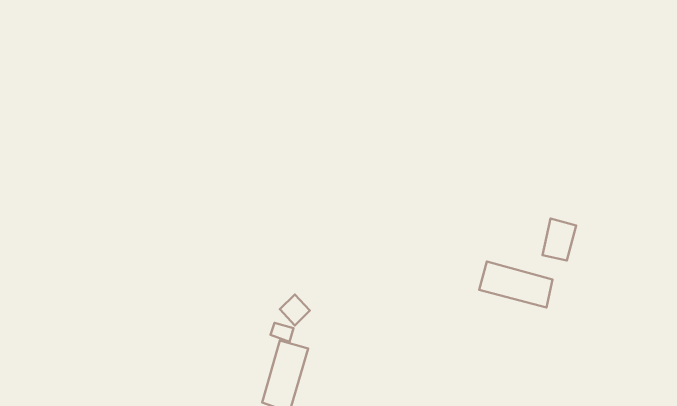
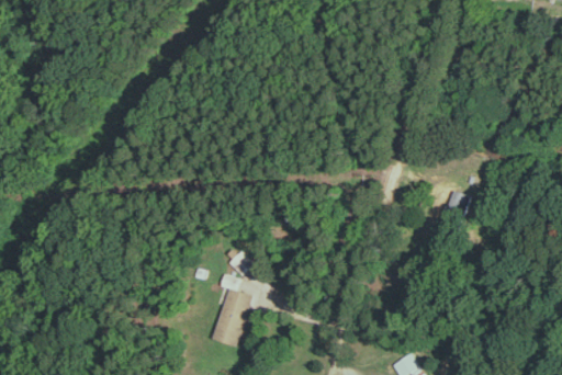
building: [479,261,552,308] -> none

